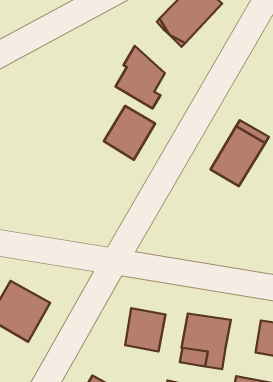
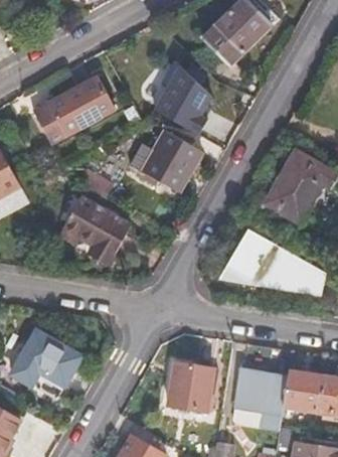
building: none -> [33,77,115,139]
building: none -> [58,197,132,262]
building: none -> [225,232,325,292]
building: none -> [282,369,322,412]

